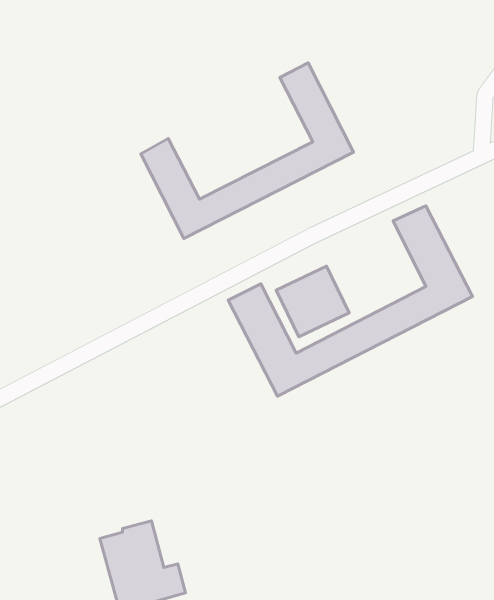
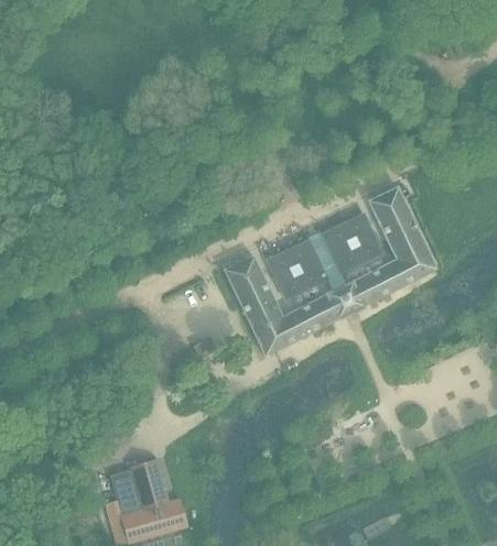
building: [141,63,353,239] -> none
building: none -> [321,212,385,274]

